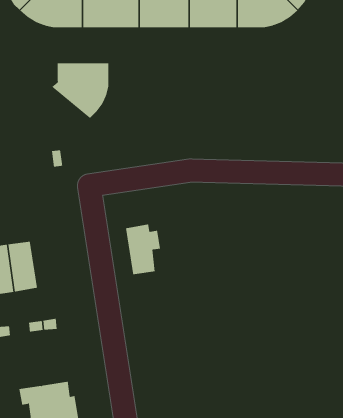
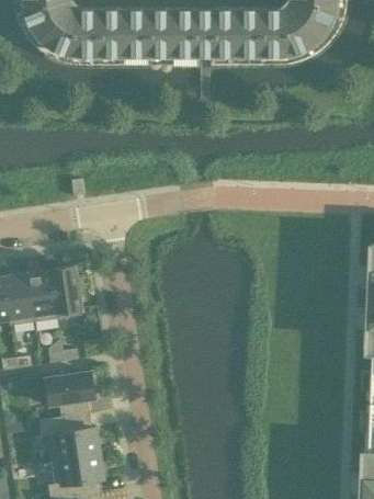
building: [51,63,109,119] -> none
building: [125,224,161,275] -> [50,266,87,318]
building: none -> [45,370,95,417]

